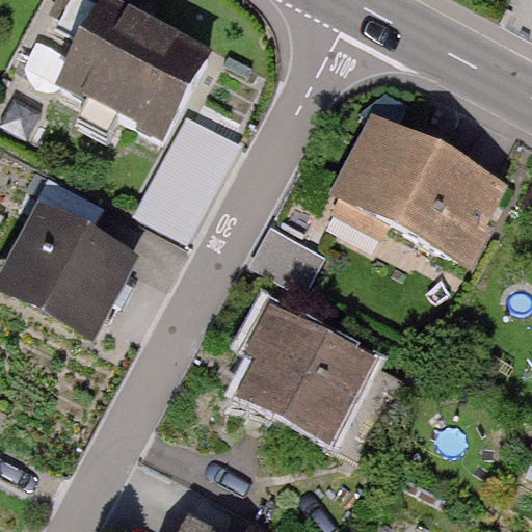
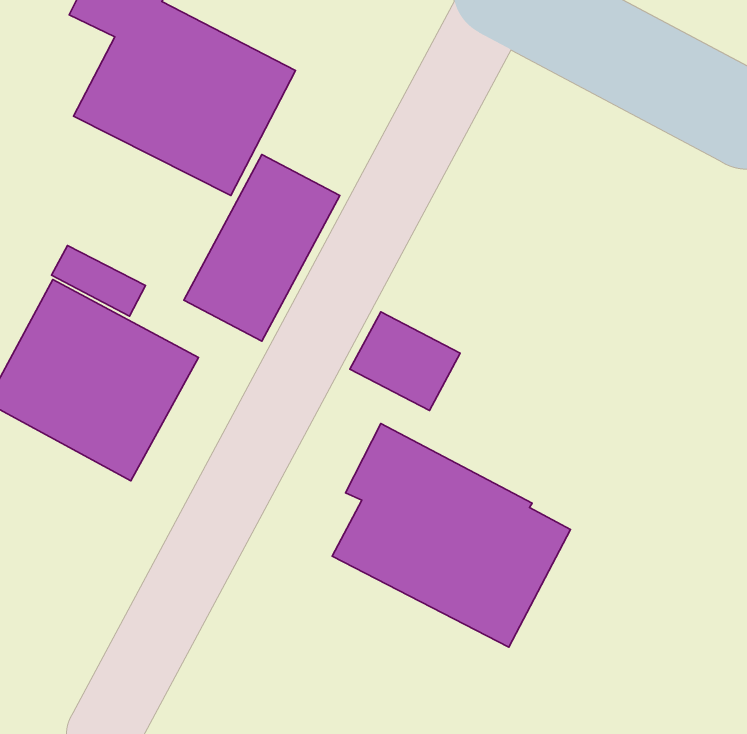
building: [327,108,506,263] -> none

